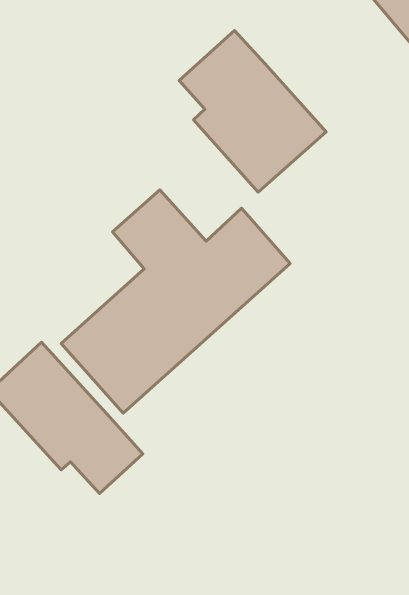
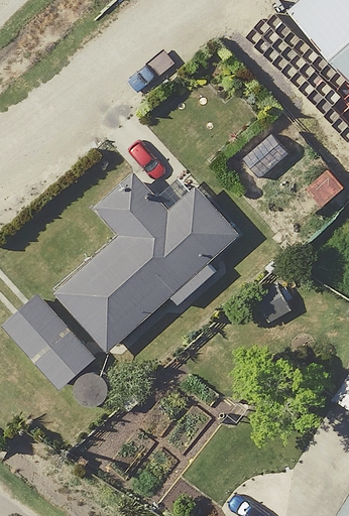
building: [179,31,326,192] -> none

